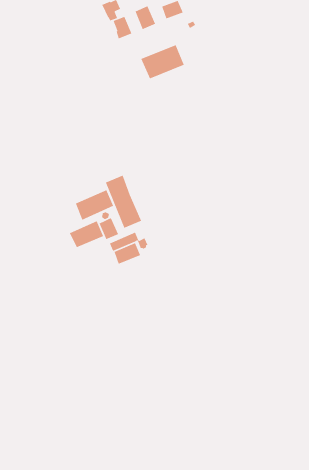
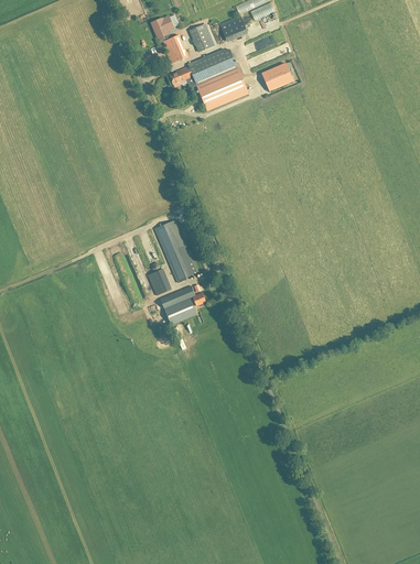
building: none -> [168,48,237,88]
building: none -> [261,63,292,90]
building: [75,189,114,221] -> none
building: [69,220,104,248] -> none

